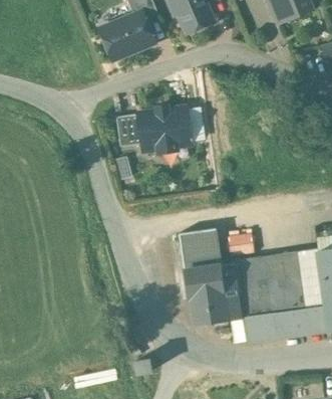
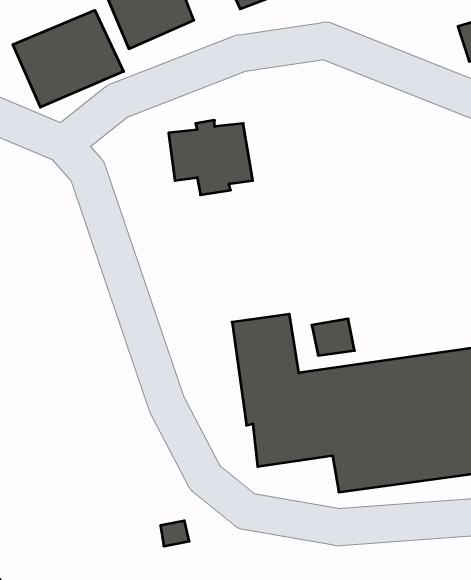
building: none -> [13,10,124,107]
building: [116,114,142,147] -> none

